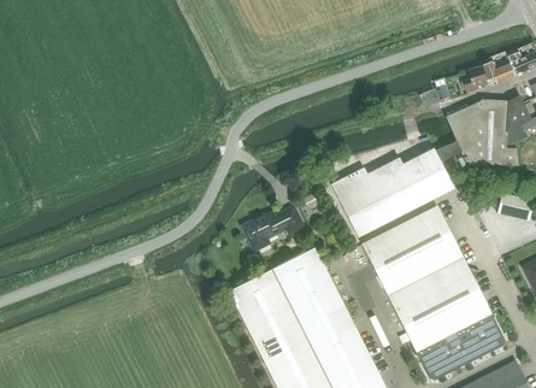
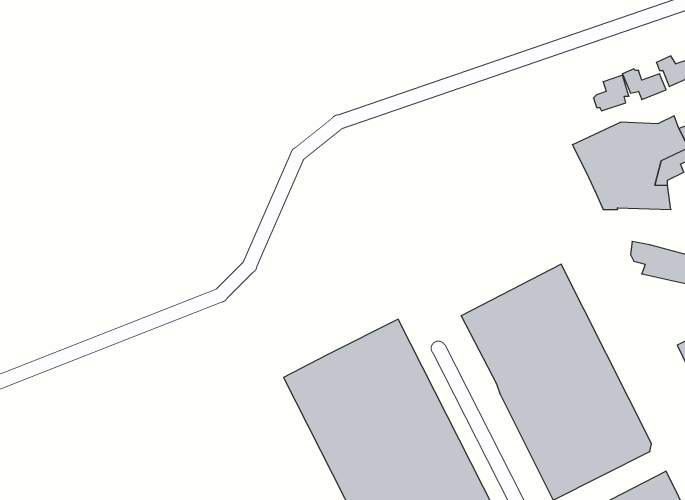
building: [331,141,463,237] -> none
building: [242,205,305,251] -> none

